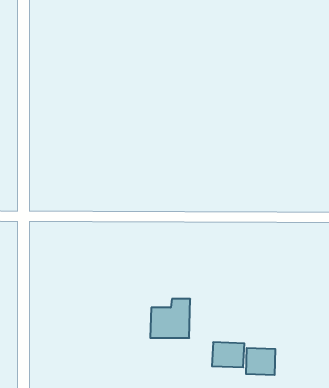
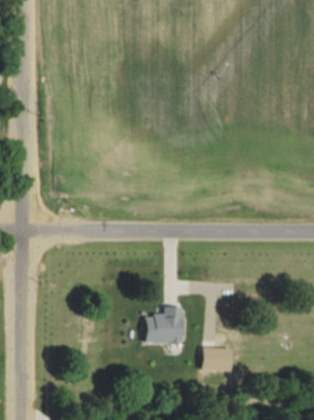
building: [246,348,275,375] -> none

